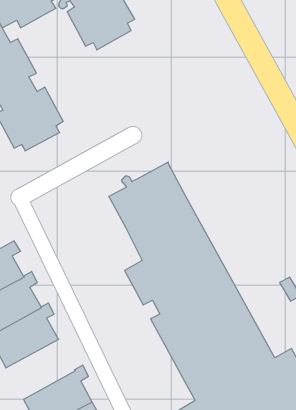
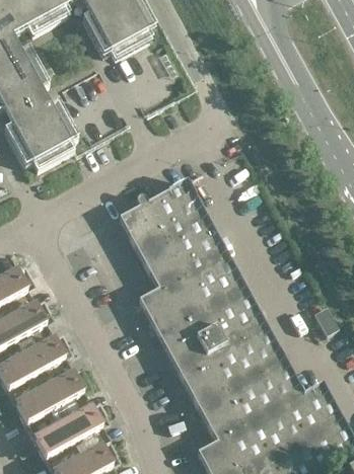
building: none -> [12,368,88,439]

